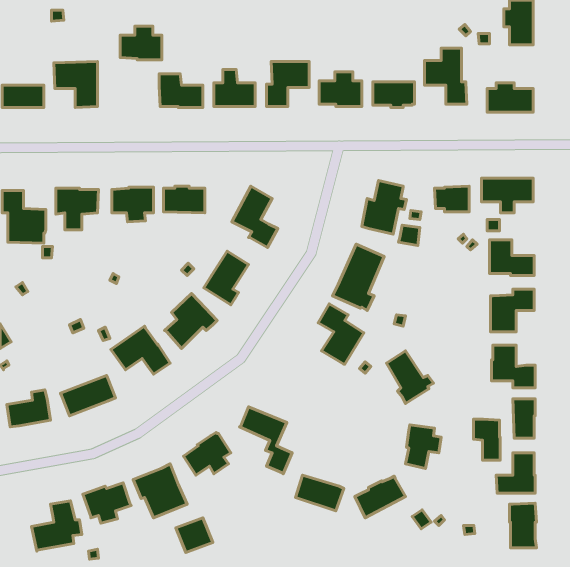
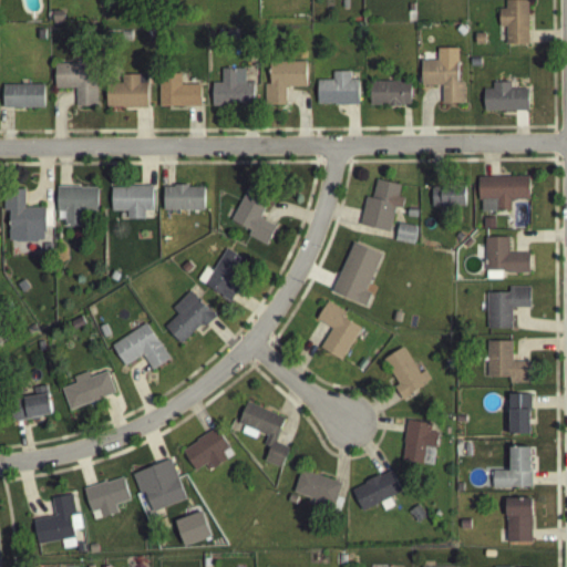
building: [120,26,162,60] -> [107,74,148,107]
building: [473,419,500,460] -> none

